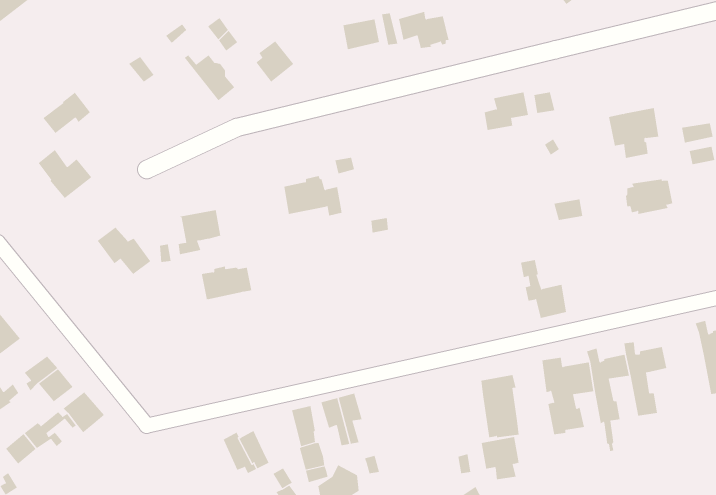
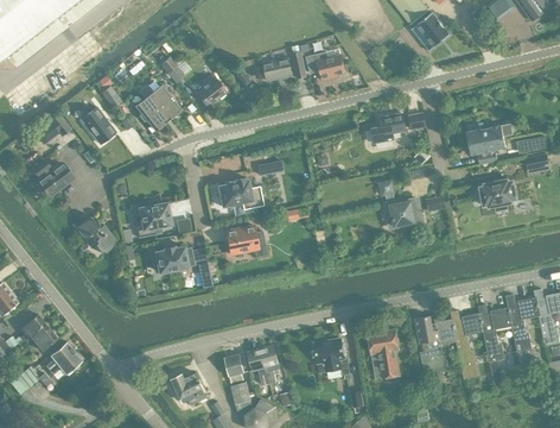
building: none -> [134,87,167,131]
building: none -> [79,108,113,144]
building: none -> [224,225,263,254]
building: [520,259,567,318] -> [378,181,414,226]
building: none -> [504,294,537,351]
building: [481,436,520,480] -> [313,338,343,371]

